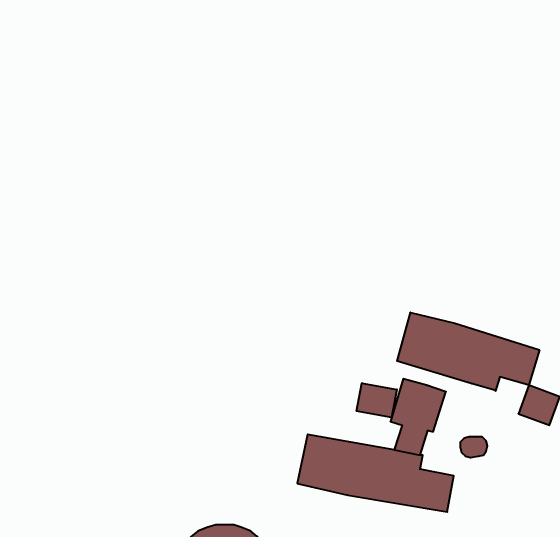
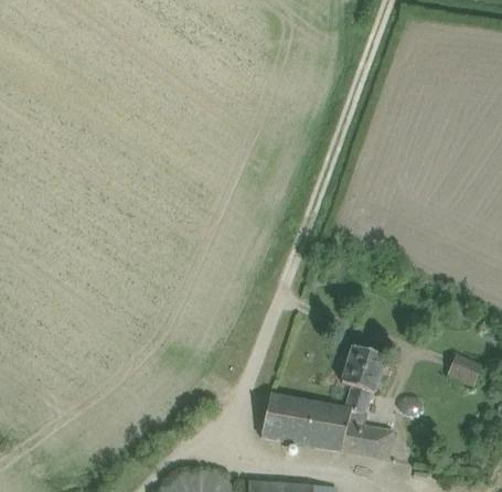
building: [397,312,539,391] -> none
building: [357,383,397,417] -> none

